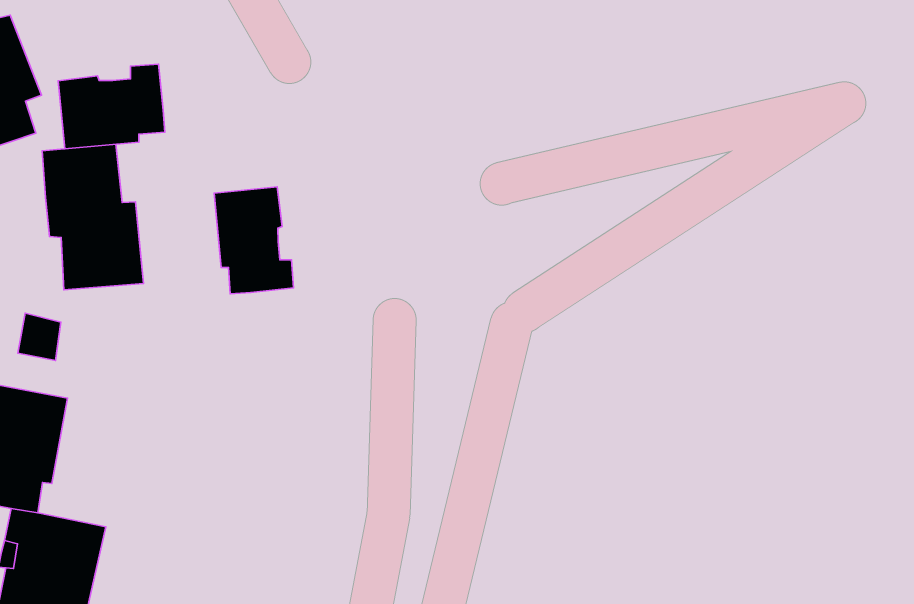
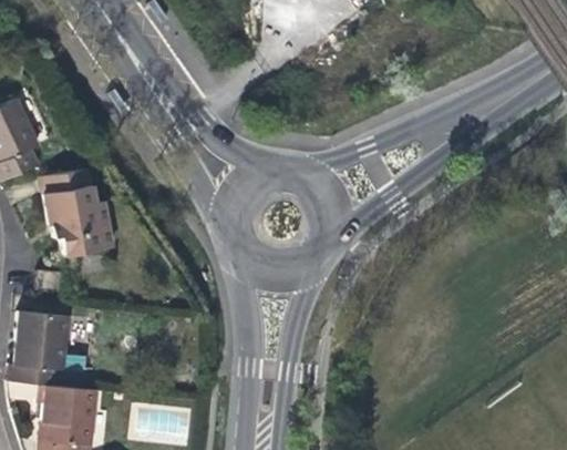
building: [58,64,165,149] -> none
building: [214,187,293,294] -> none

